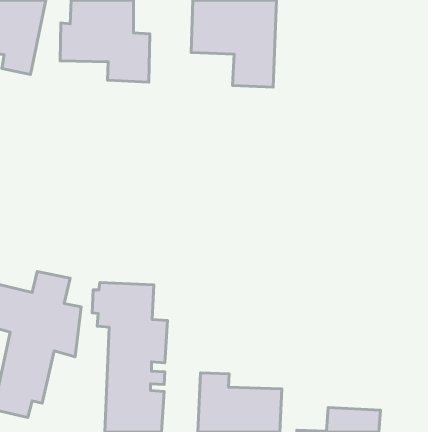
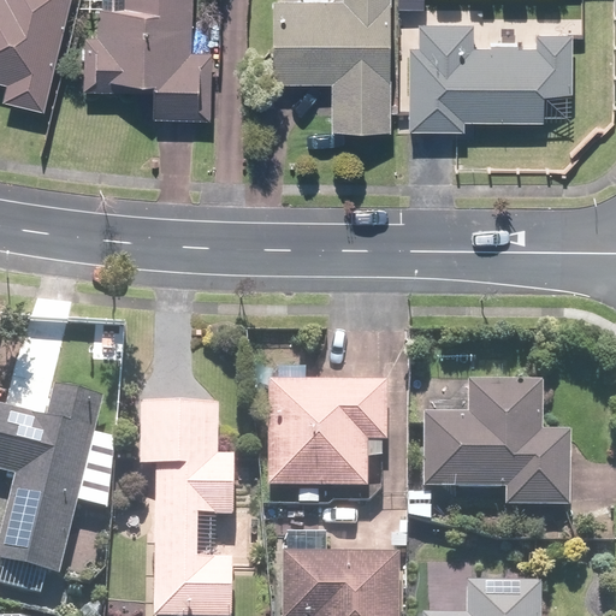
building: none -> [395,16,575,128]
building: none -> [268,379,387,487]
building: none -> [424,383,569,504]

